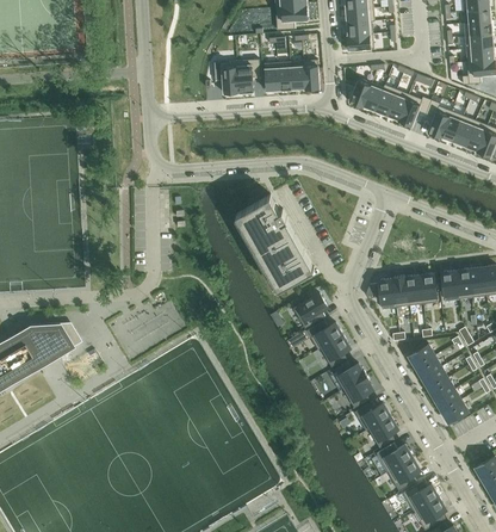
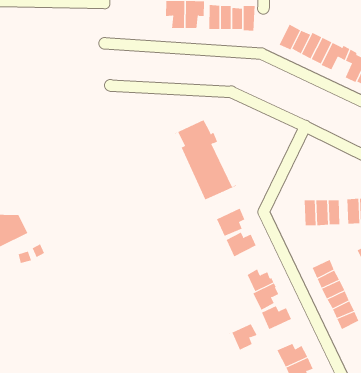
building: [365,279,396,309] -> none
building: [317,335,349,367] -> none
building: [365,416,398,449] -> [229,323,258,350]

